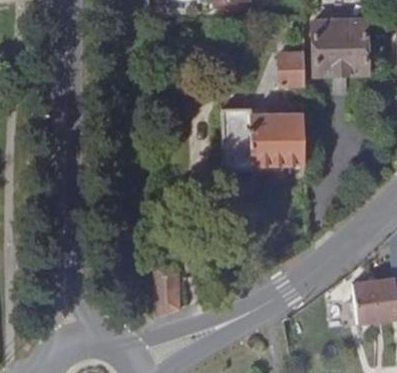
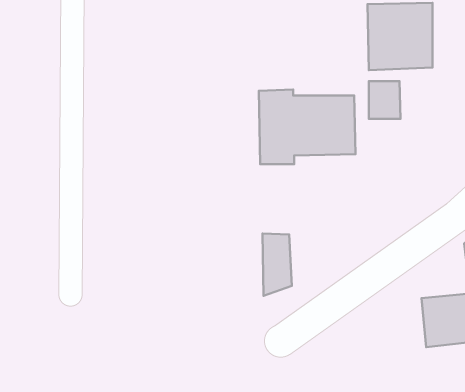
building: [278,55,304,86] -> [369,81,401,119]
building: [156,265,180,316] -> [262,233,292,296]

